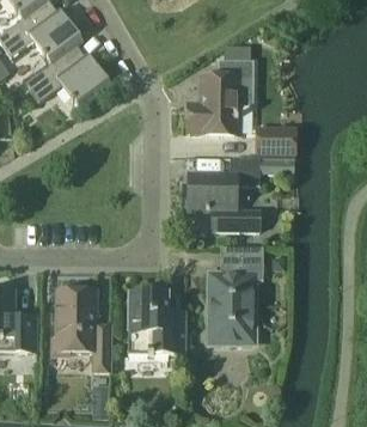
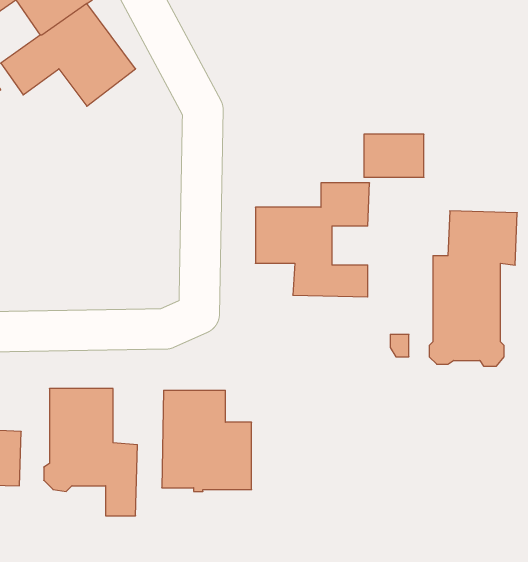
building: [188,60,251,133] -> none
building: [207,244,263,343] -> [429,211,517,366]

